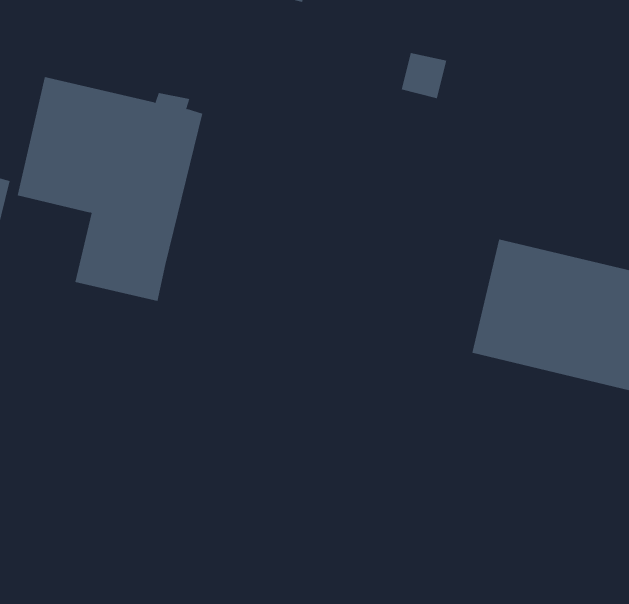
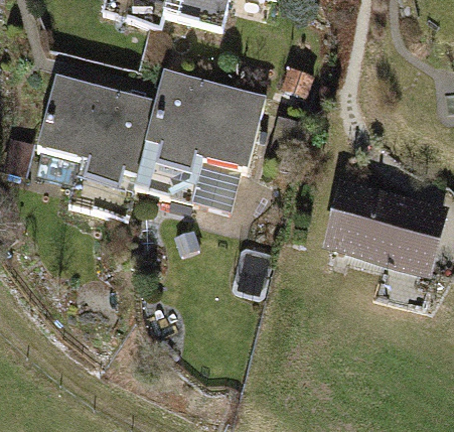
building: none -> [132,74,270,199]

